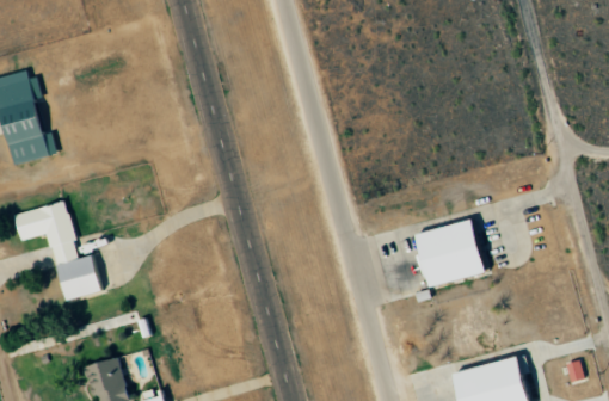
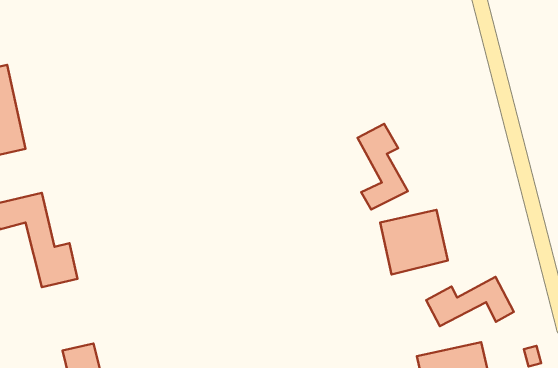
building: none -> [357,124,408,209]
building: none -> [426,277,514,326]

